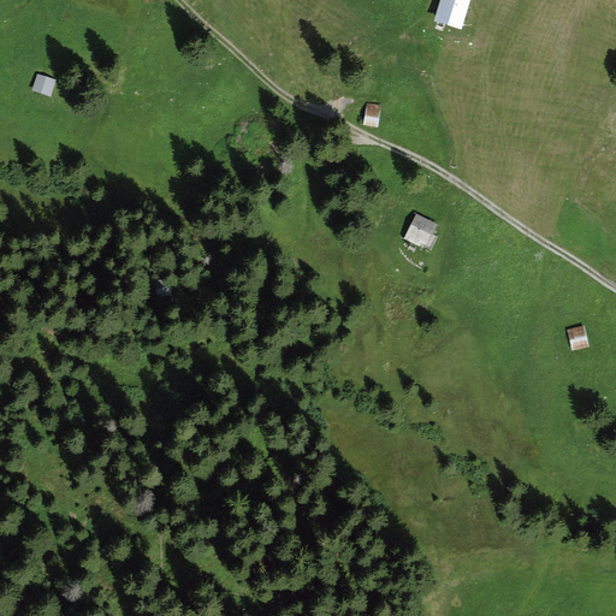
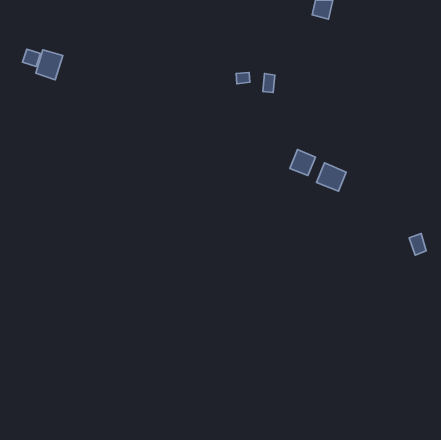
building: none -> [36,50,63,80]
building: none -> [317,163,346,191]

